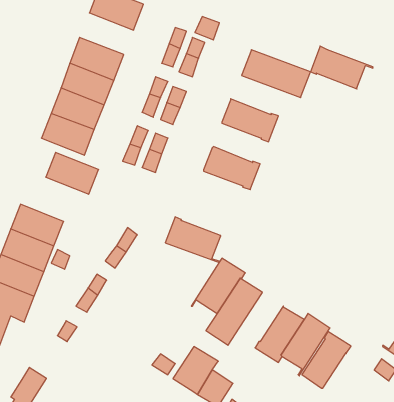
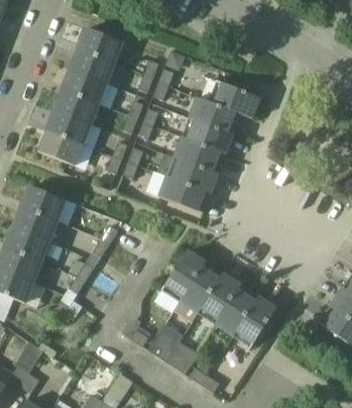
building: none -> [70,47,114,82]
building: [310,46,373,89] -> [189,96,240,131]
building: none -> [173,135,219,171]
building: [46,152,99,194] -> [21,185,65,219]
building: [165,217,221,262] -> [158,175,204,212]
building: [302,332,351,388] -> [201,272,241,318]

